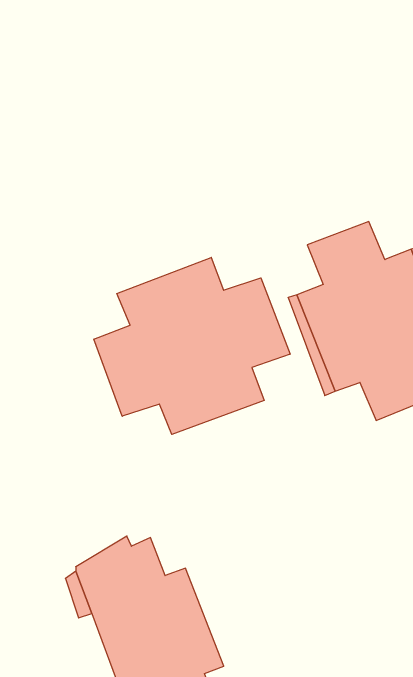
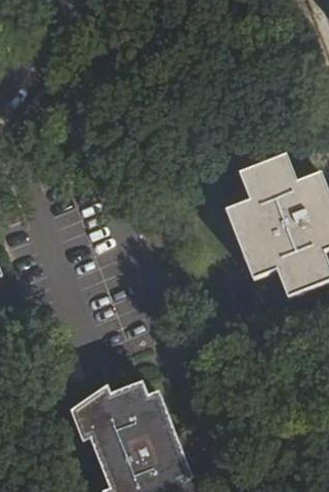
building: [94,257,290,434] -> none

